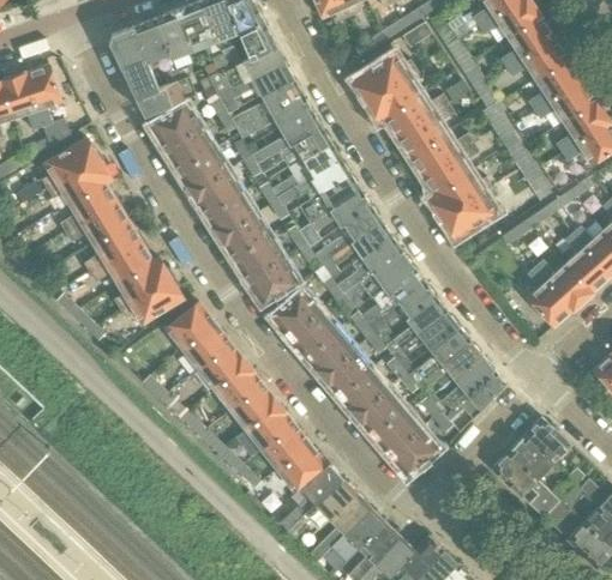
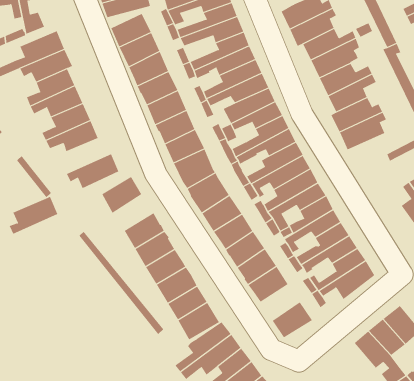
building: [113,258,170,309] -> [9,196,58,234]
building: [180,322,230,369] -> none
building: [372,409,420,455] -> none

